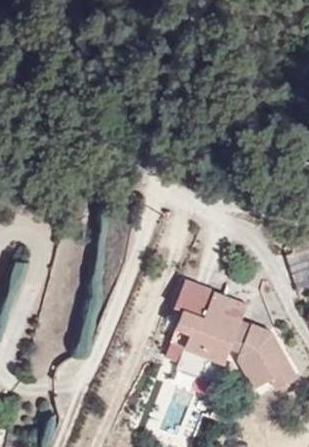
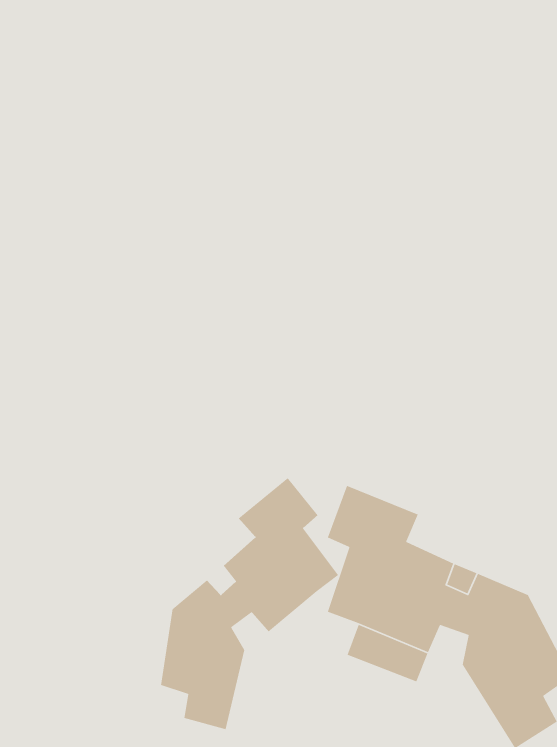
building: none -> [160,477,339,730]

